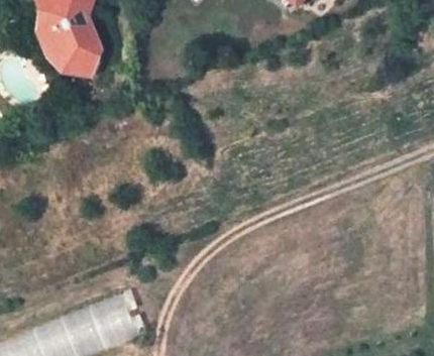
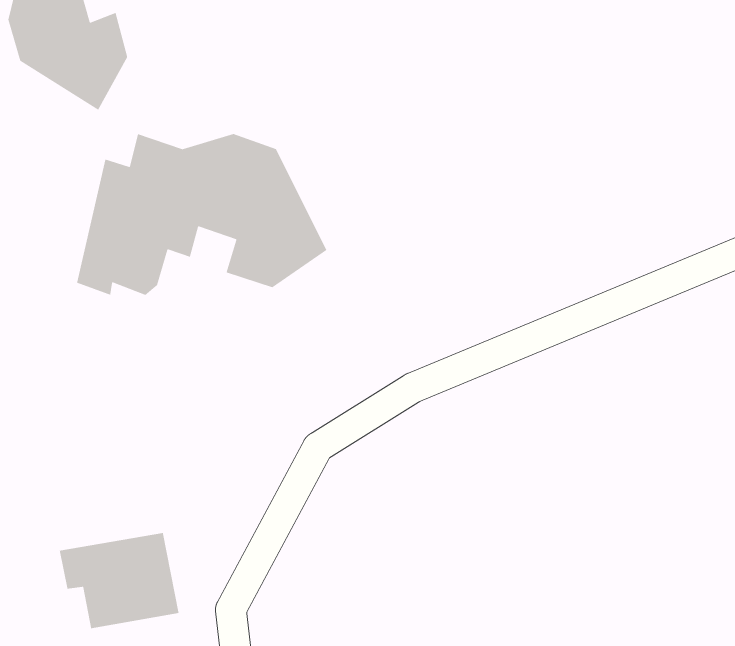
building: none -> [76,133,328,296]

